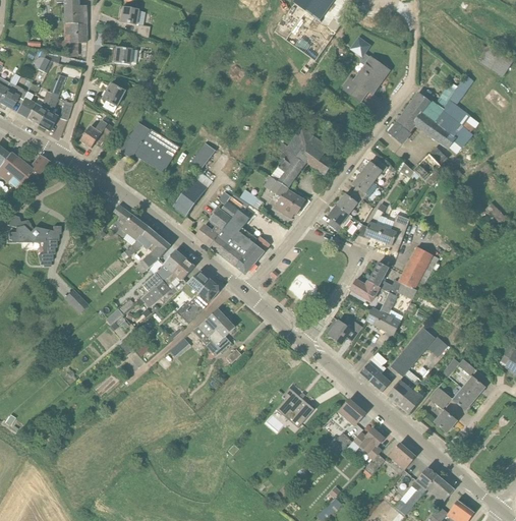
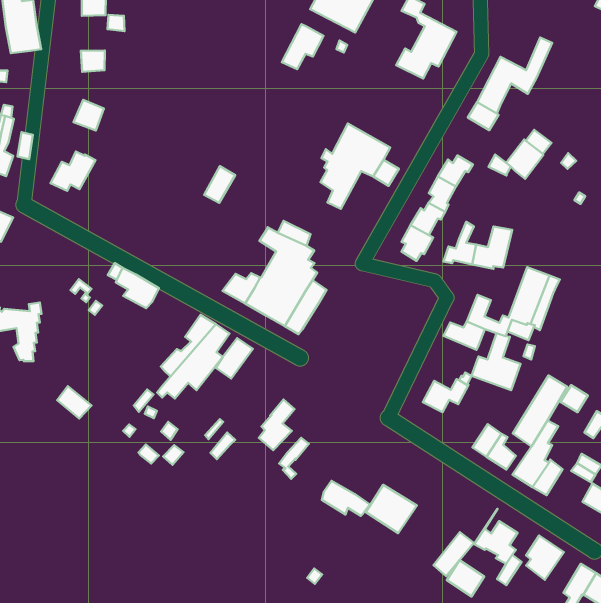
building: none -> [282,24,324,69]
building: [414,75,474,153] -> none
building: [121,122,179,170] -> none
building: [264,175,304,218] -> none
building: [173,177,207,215] -> none
building: [210,189,237,228] -> none
building: [122,226,171,273] -> none
building: [176,279,219,324] -> none
building: [198,307,228,337] -> none
building: none -> [322,481,370,516]
building: [338,398,365,425] -> [447,560,484,597]

